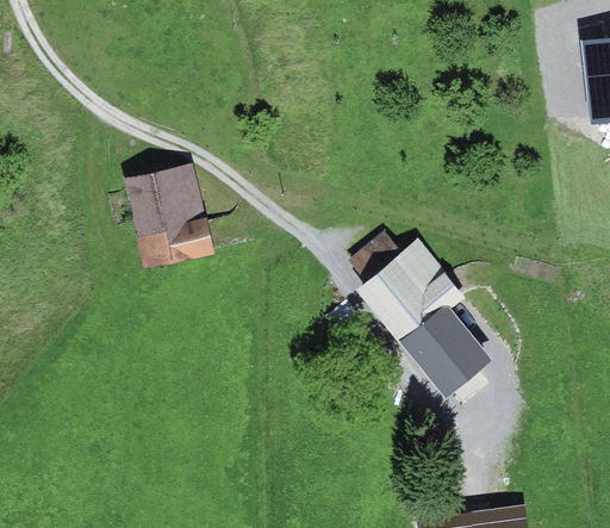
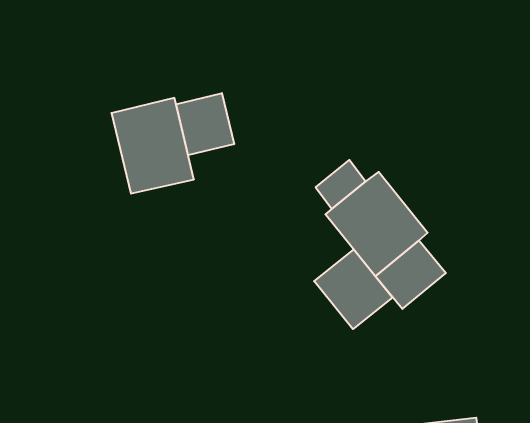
building: none -> [176,93,234,155]
building: none -> [314,249,392,329]

